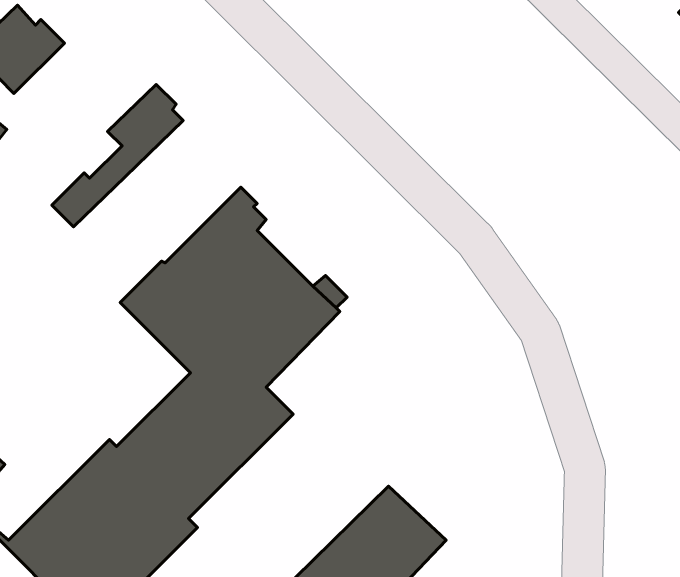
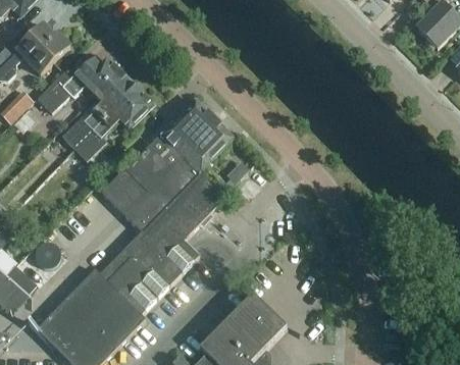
building: none -> [38,59,121,113]
building: none -> [74,90,152,161]
building: none -> [169,101,234,173]

